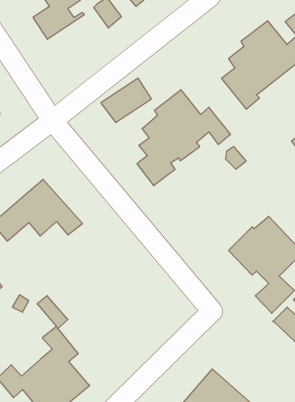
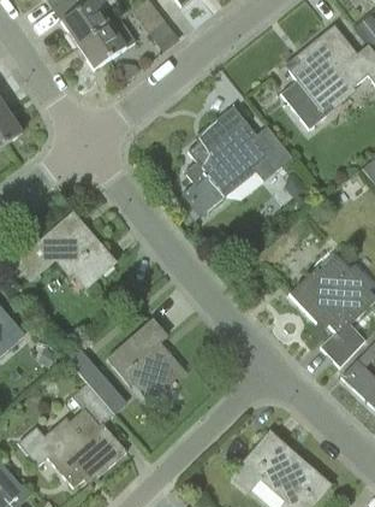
building: [101,78,151,122] -> [77,18,136,70]
building: none -> [107,319,185,405]

